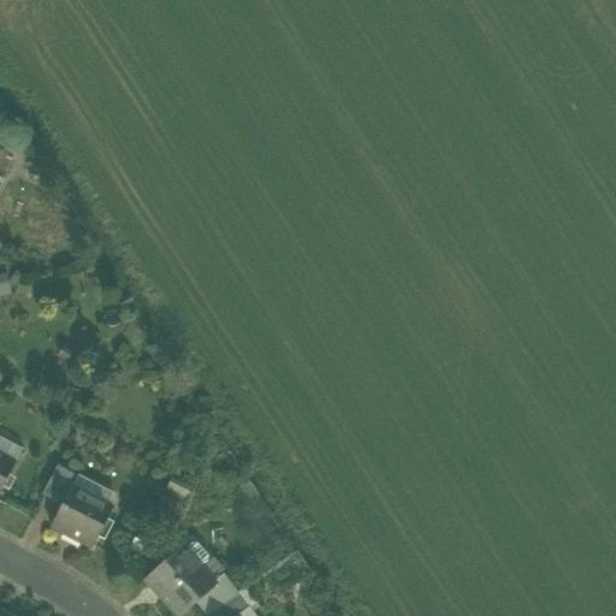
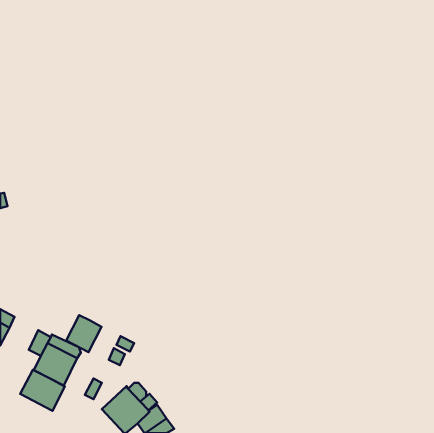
building: none -> [66,315,101,352]
building: none -> [20,370,65,411]

